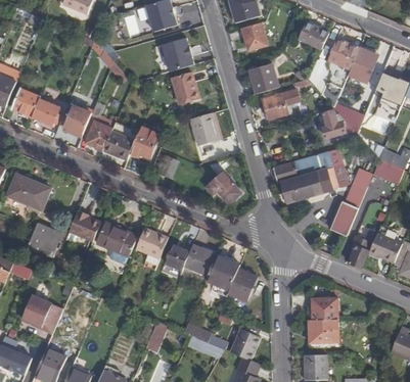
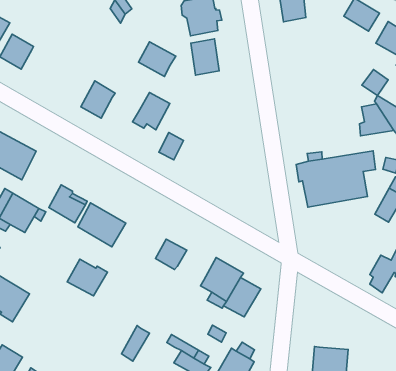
building: [248,62,277,94] -> none
building: [262,89,298,120] -> none
building: [32,100,59,126] -> none
building: [65,105,92,138] -> none
building: [189,112,219,146] -> none
building: [104,132,135,159] -> [138,42,176,77]
building: [204,172,238,201] -> none
building: [329,201,357,236] -> none
building: [136,229,169,258] -> [67,259,107,296]
building: [184,245,216,276] -> none
building: [312,299,336,320] -> none

